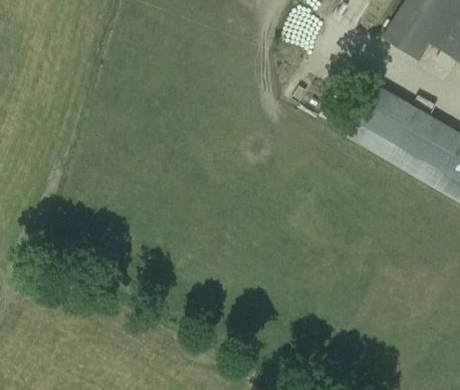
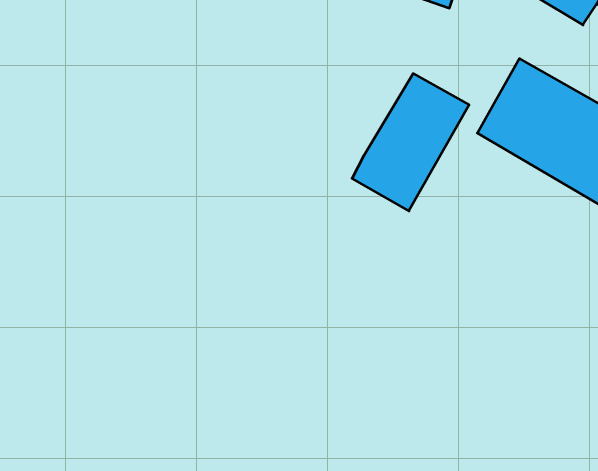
building: none -> [352,74,469,211]

